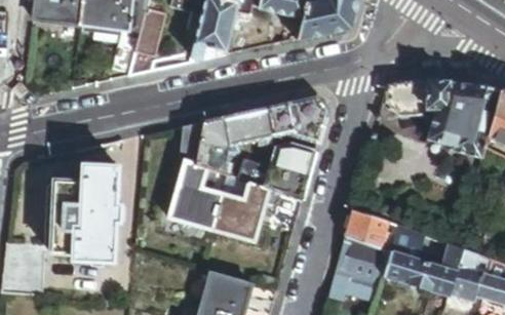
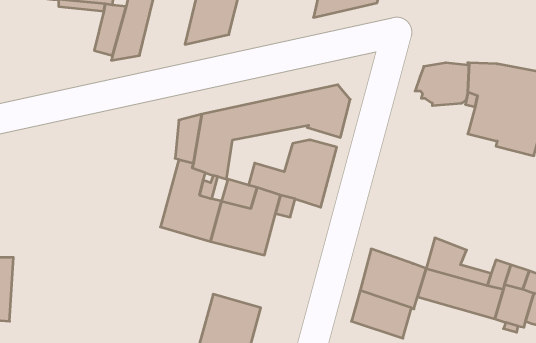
building: [49,163,120,261] -> none
building: [345,208,389,246] -> none

